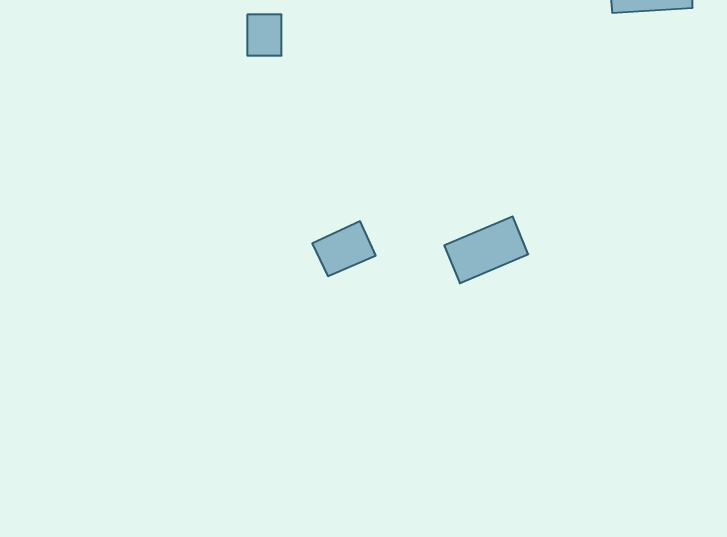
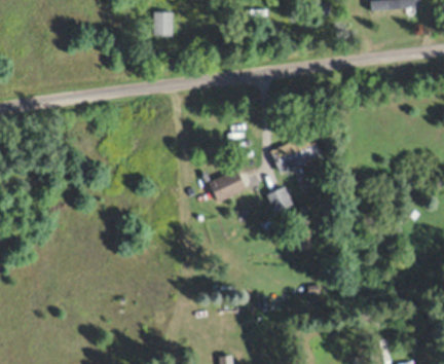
building: [312,221,376,276] -> [210,170,248,203]
building: none -> [268,187,294,215]

